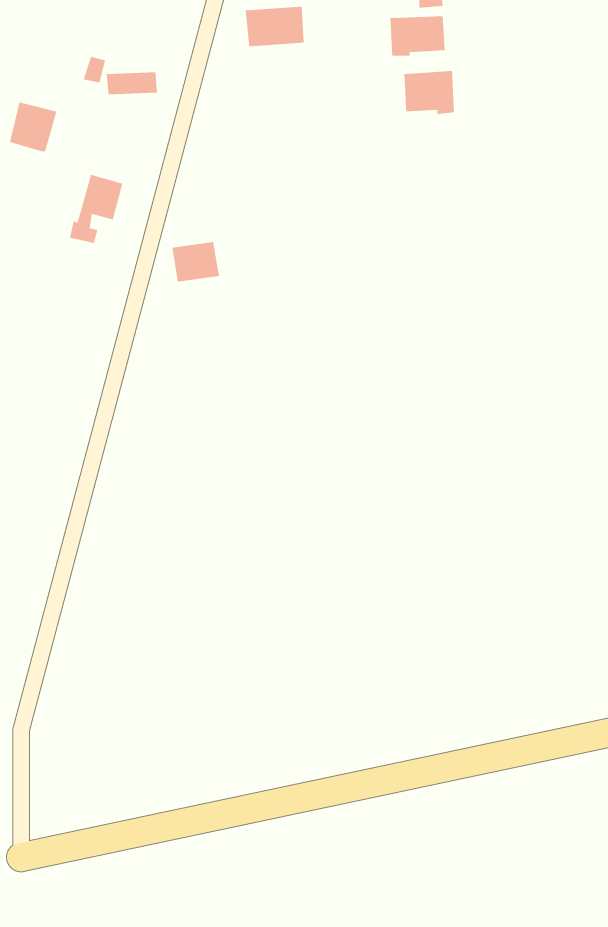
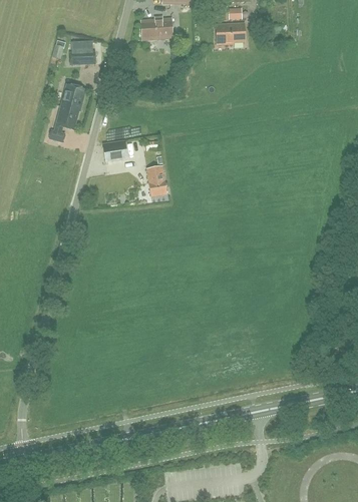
building: [404,70,454,115] -> none
building: [9,102,57,152] -> [60,82,85,108]
building: none -> [146,163,166,194]

